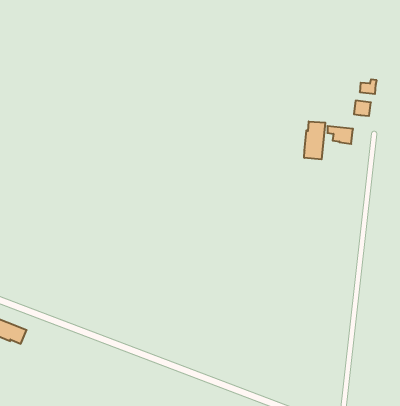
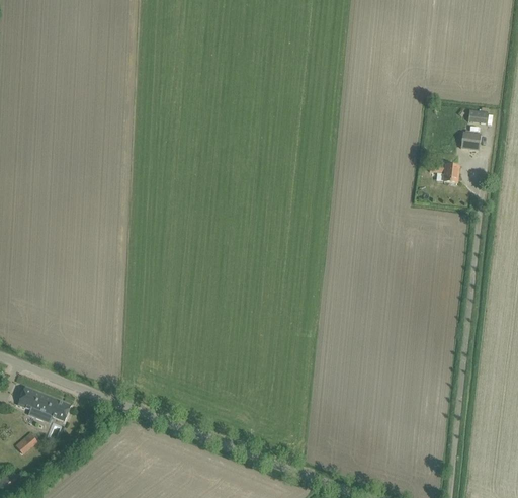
building: [304,121,325,159] -> none

